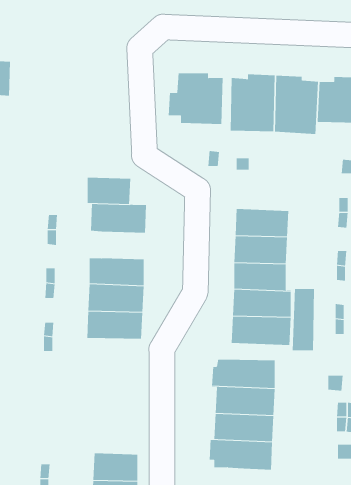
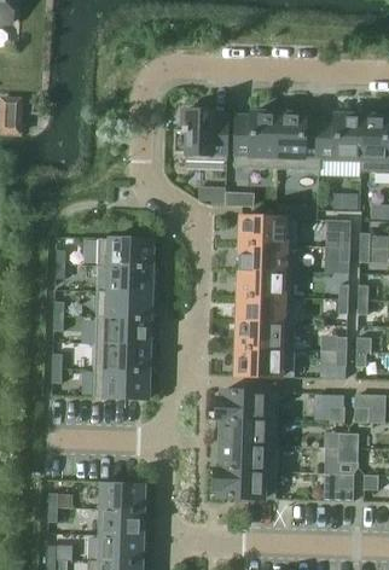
building: [87,177,131,204] -> [108,266,151,292]
building: none -> [239,216,291,245]
building: [292,288,315,351] -> none
building: none -> [92,370,147,399]

